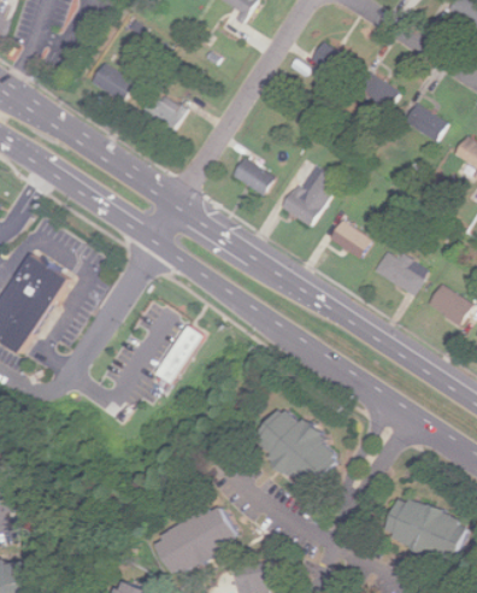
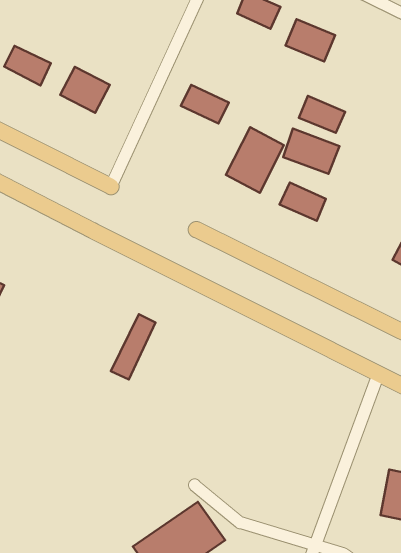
building: [402,102,446,140] -> [299,96,345,133]
building: [231,155,276,194] -> [181,85,229,123]
building: [372,247,425,293] -> [283,129,339,174]
building: [253,404,337,488] -> none

